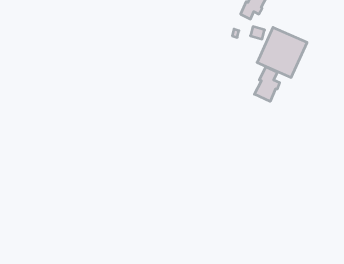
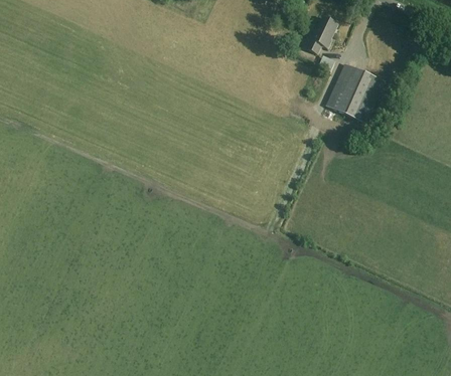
building: [254,67,280,101] -> none

